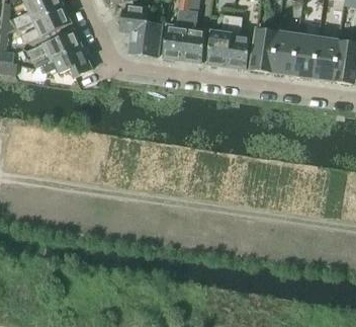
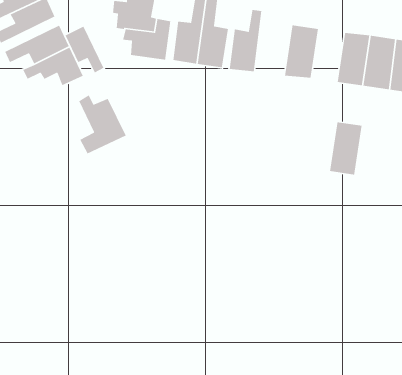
building: [226,17,250,69] -> none
building: none -> [64,25,105,73]
building: [270,31,296,74] -> [329,121,363,175]
building: none -> [78,94,127,154]

